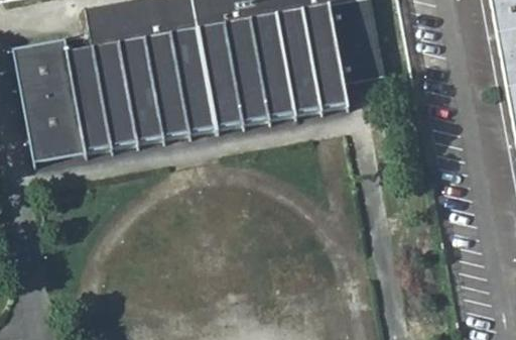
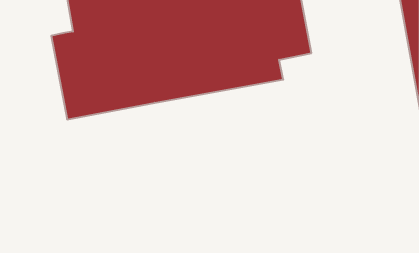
building: [20,52,87,163] -> none

